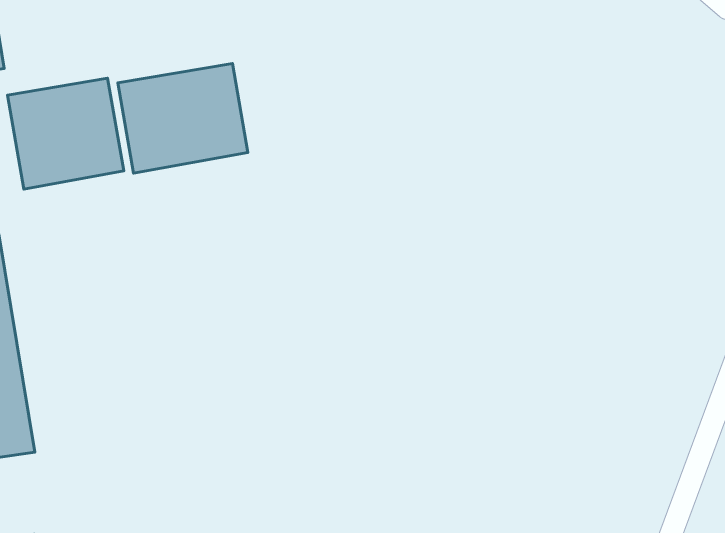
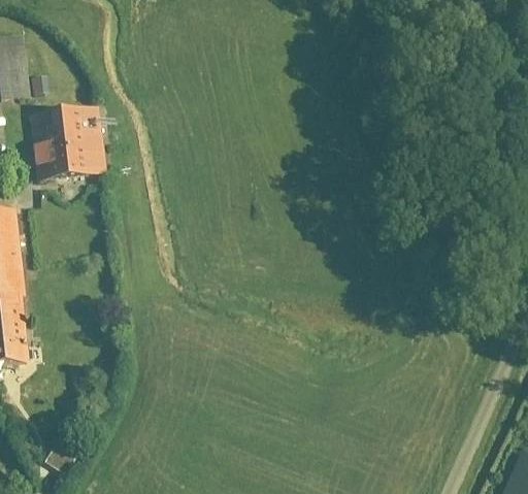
building: [118,63,248,173] -> none

